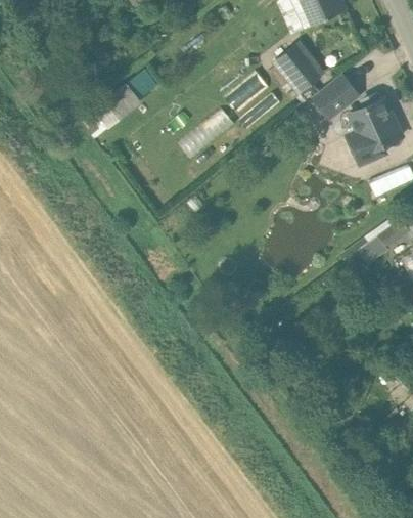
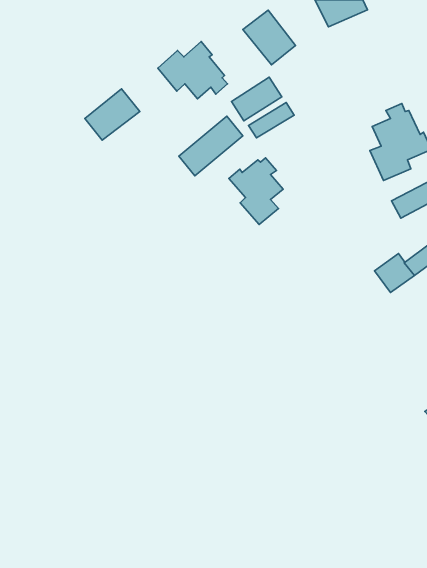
building: none -> [158,41,227,99]
building: [274,44,321,93] -> [243,10,295,65]
building: [313,77,357,119] -> none
building: none -> [229,158,283,224]

